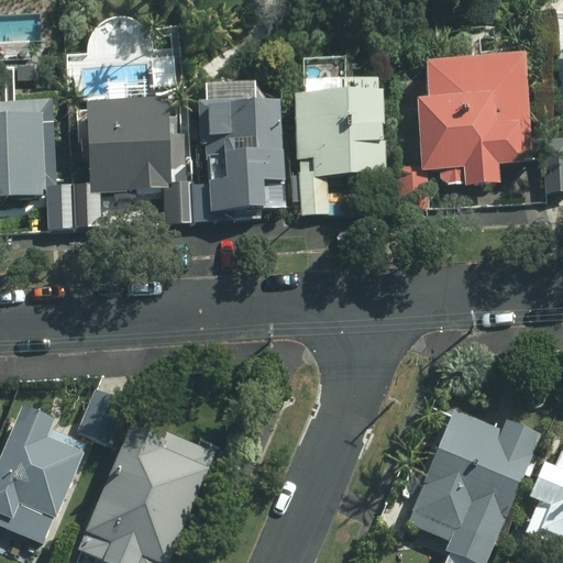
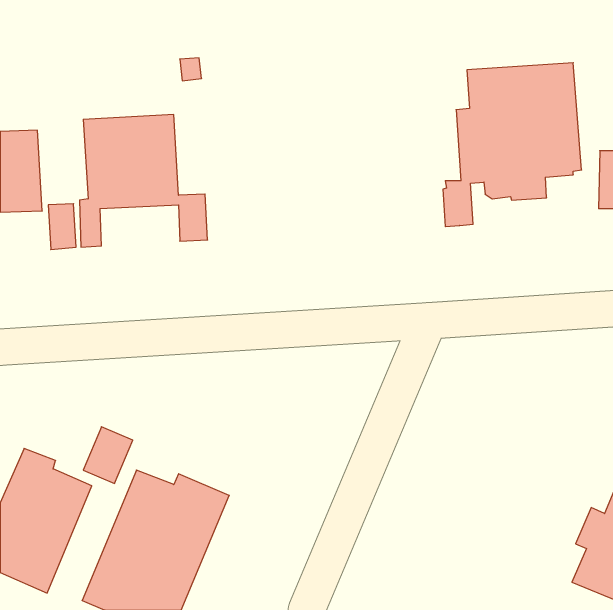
building: [296,86,390,214] -> none
building: [196,102,280,219] -> none
building: [411,409,537,541] -> none

